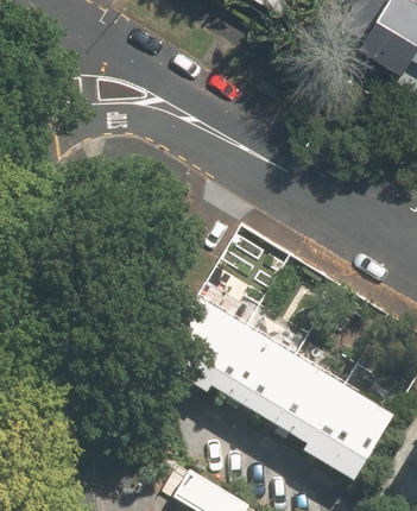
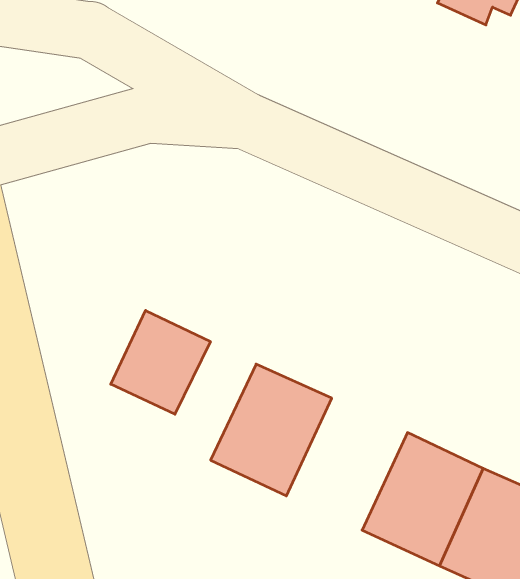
building: none -> [111,310,210,414]
building: [209,323,298,417] -> none

